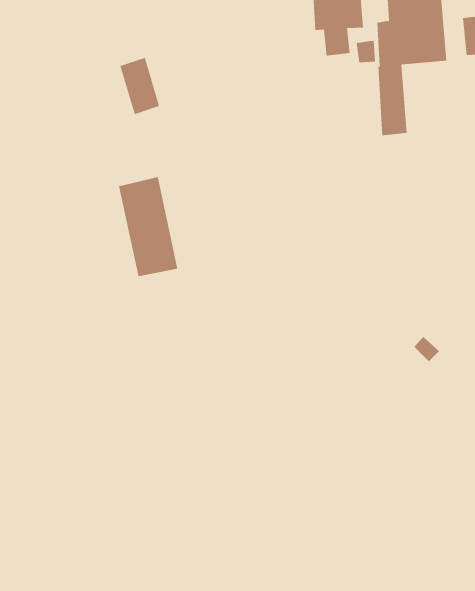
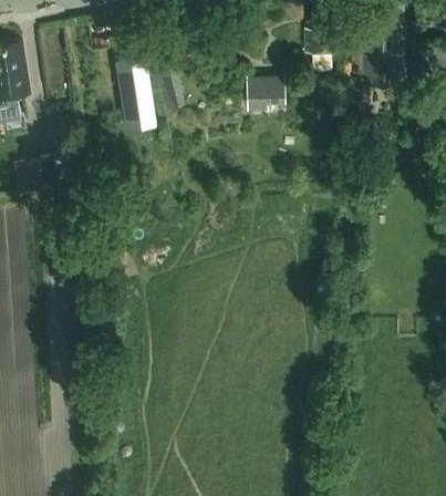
building: none -> [246,76,286,111]
building: [118,177,178,277] -> [115,56,157,132]

